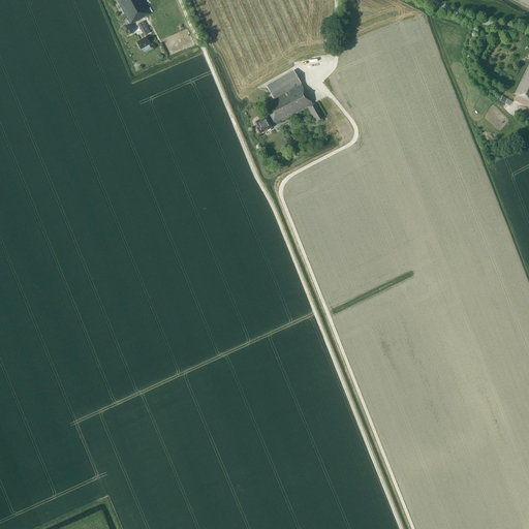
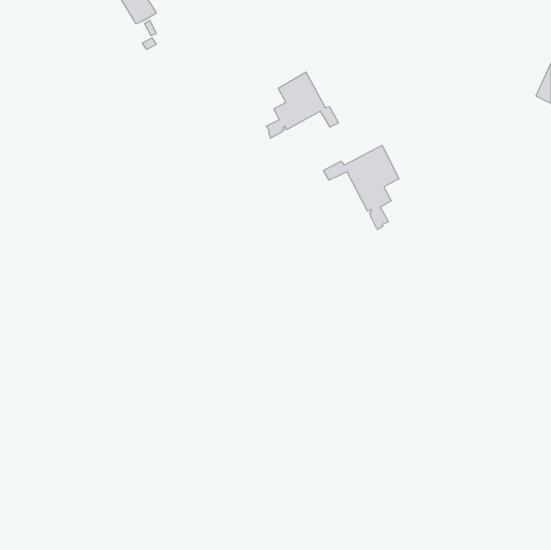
building: none -> [324,145,399,230]

